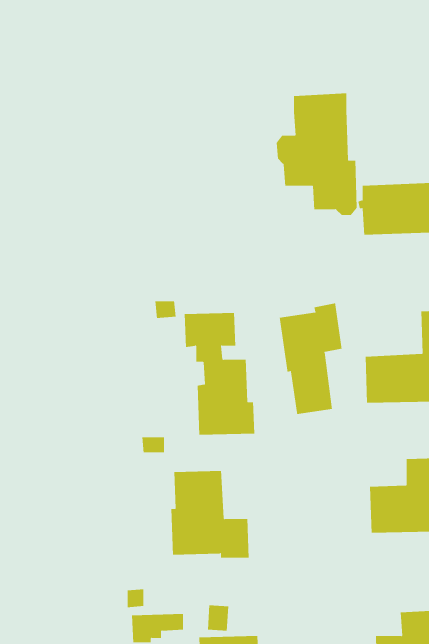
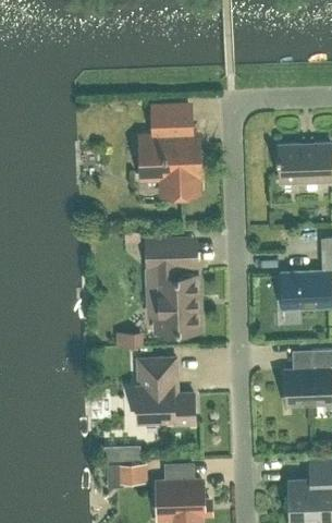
building: [276,93,357,216] -> [138,105,199,196]
building: [279,303,342,415] -> none

